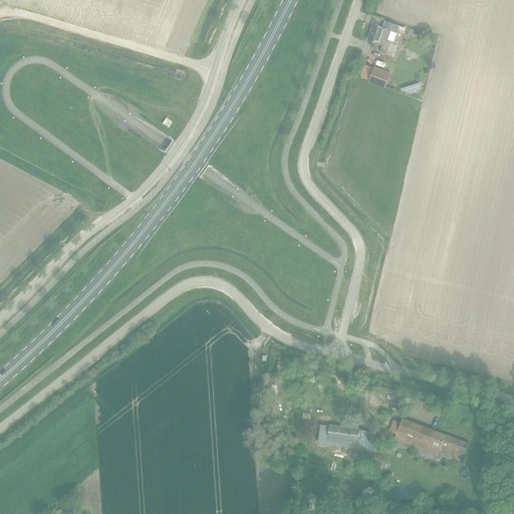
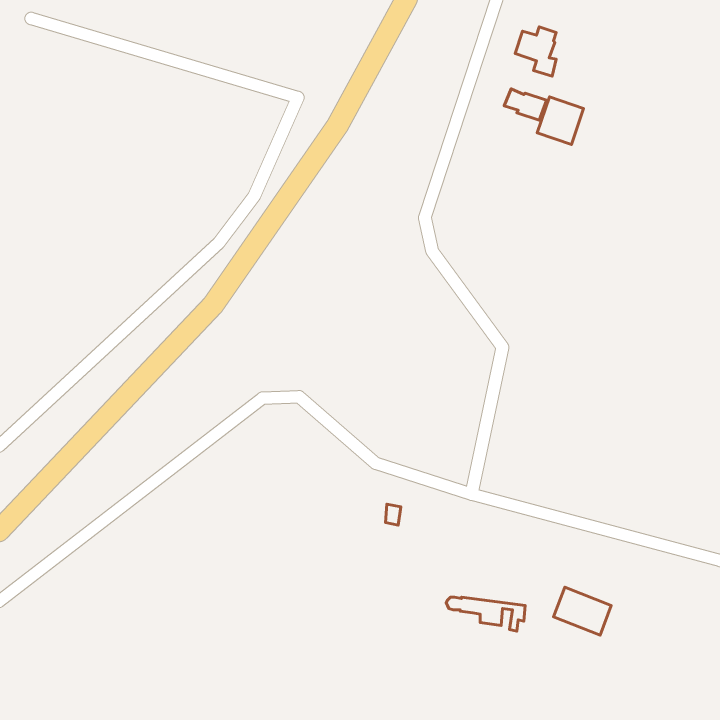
building: none -> [537,97,584,145]
building: [427,431,468,458] -> none

